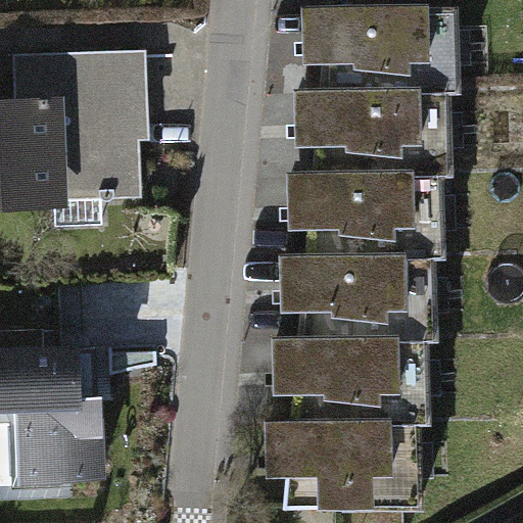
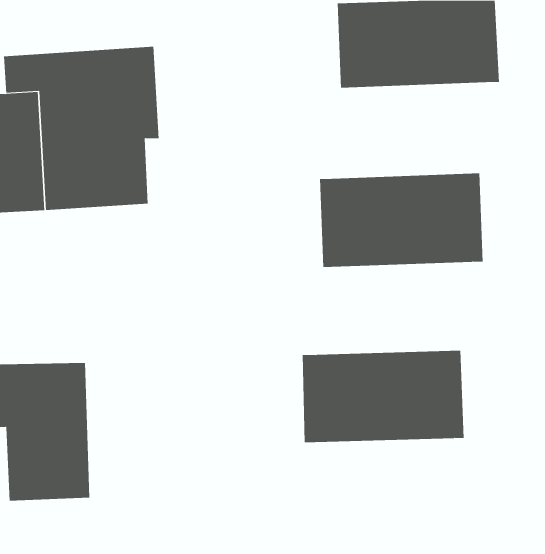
building: [304,85,455,174] -> none
building: [290,251,440,337] -> none
building: [272,415,425,506] -> none

